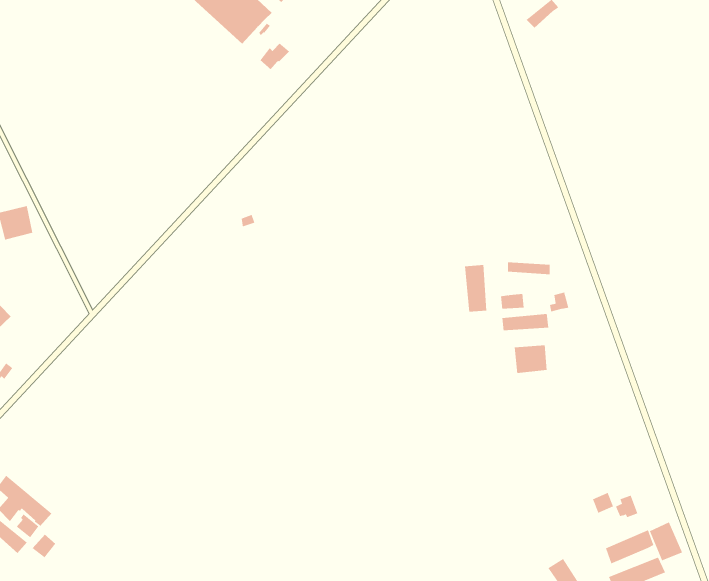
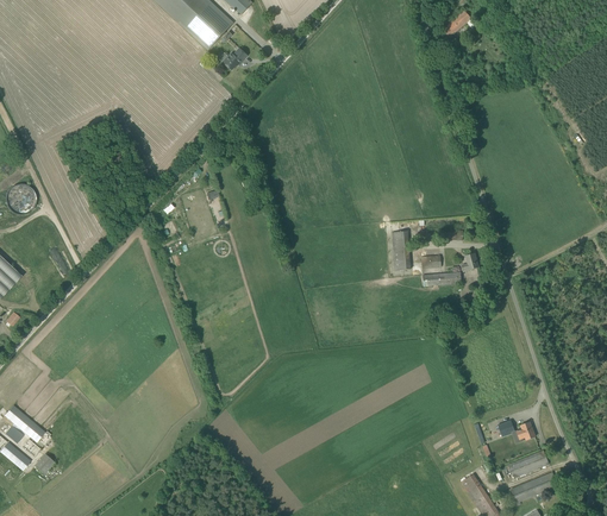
building: [514,344,547,374] -> none
building: [649,521,683,561] -> none

